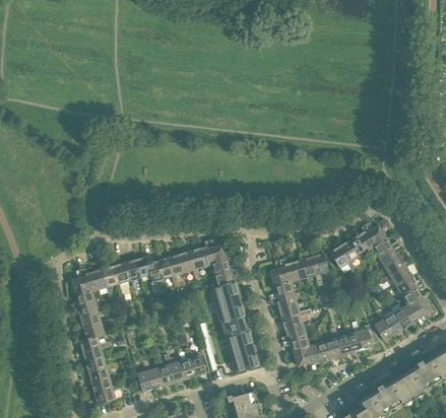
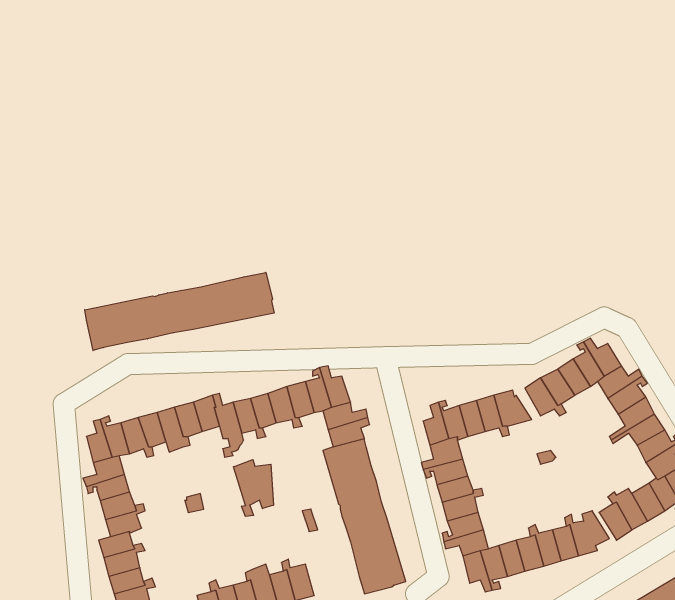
building: none -> [85,272,274,351]
building: none -> [233,460,273,516]

